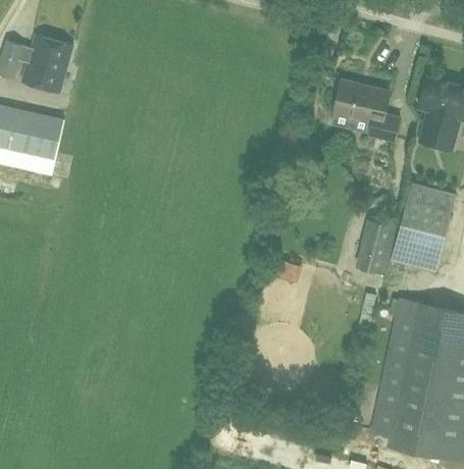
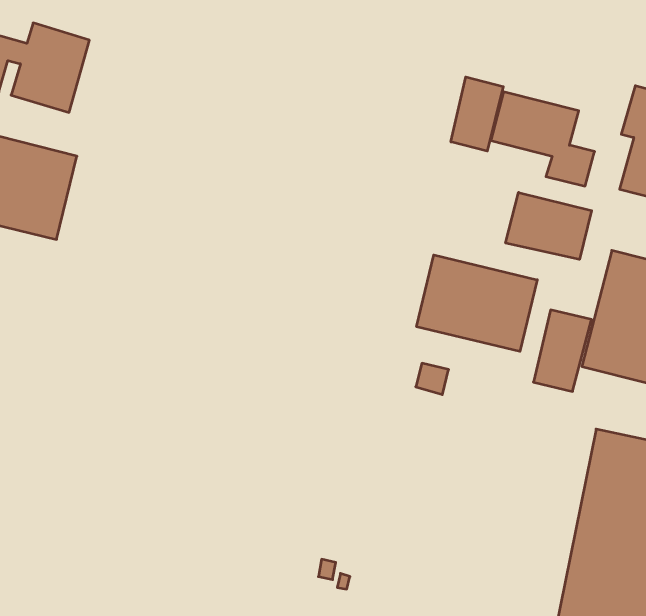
building: none -> [451,77,503,151]
building: none -> [506,192,592,259]
building: none -> [417,255,537,351]

